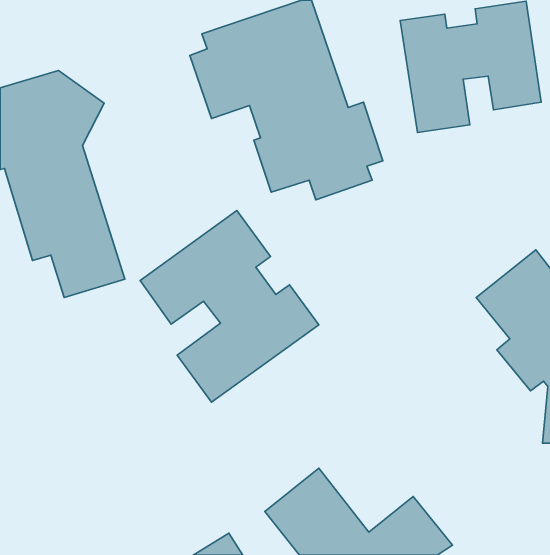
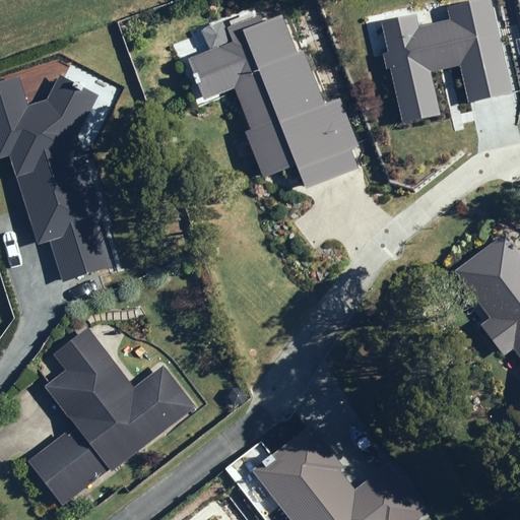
building: [140,211,319,402] -> none
building: none -> [28,332,202,506]

